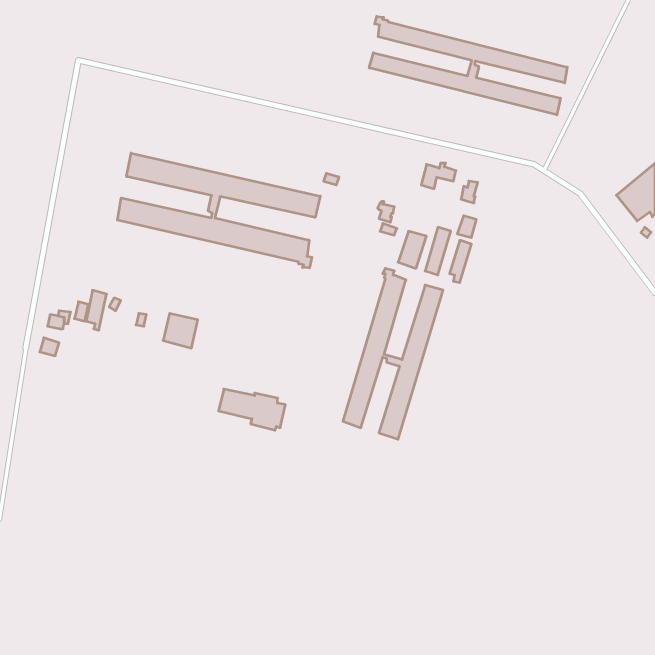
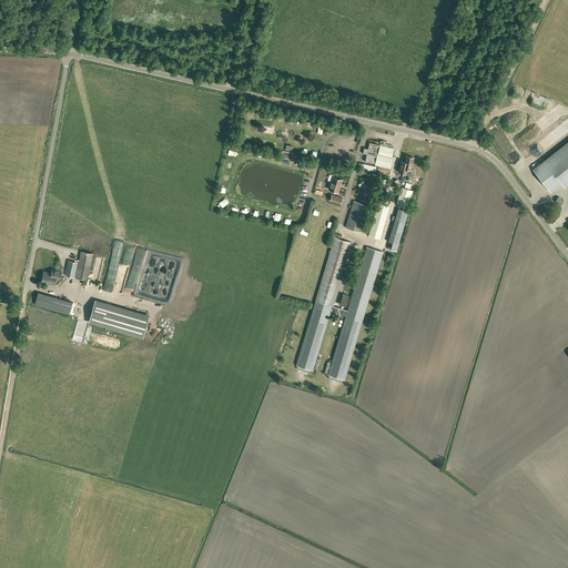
building: [369,16,567,115] -> none
building: [117,153,320,268] -> none
building: [219,389,285,430] -> [91,300,149,335]

